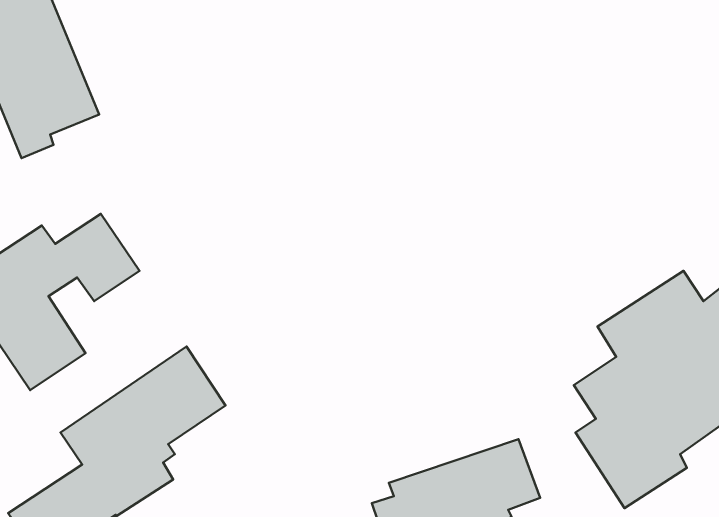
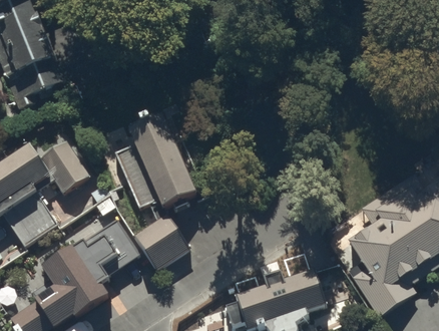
building: none -> [114,116,197,269]

